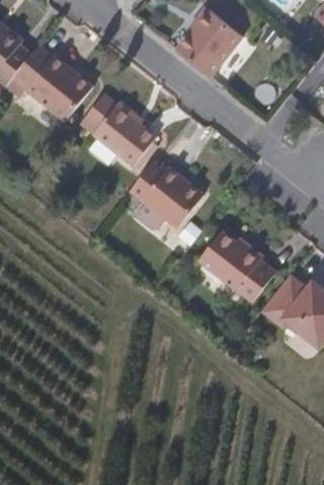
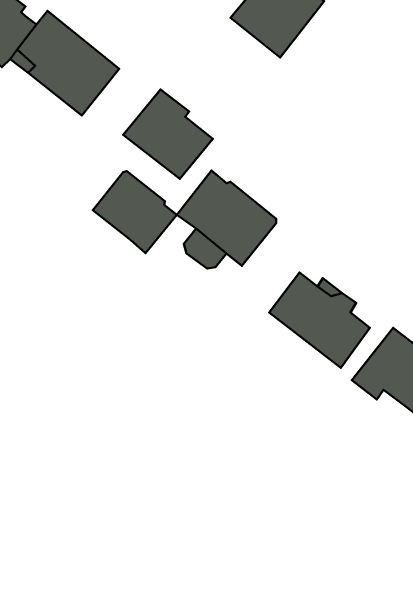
building: none -> [93,171,177,253]

